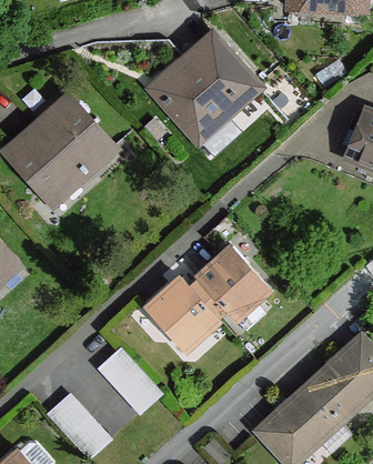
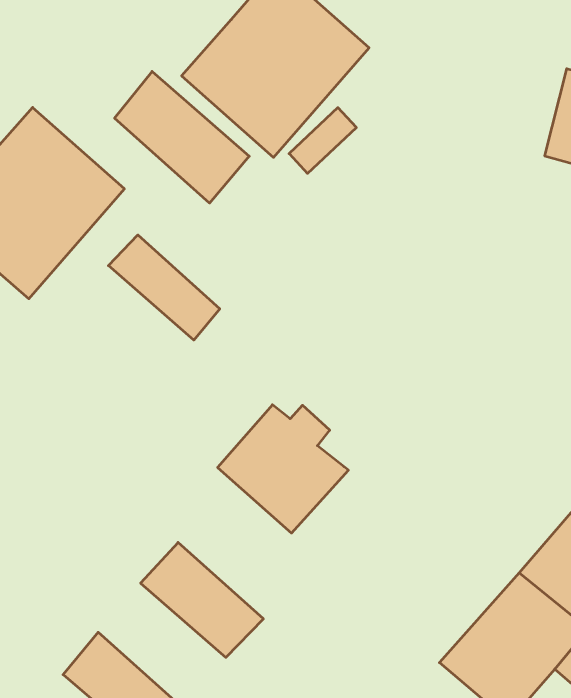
building: none -> [115,71,249,203]
building: none -> [108,235,220,340]
building: [195,245,269,319] -> none

